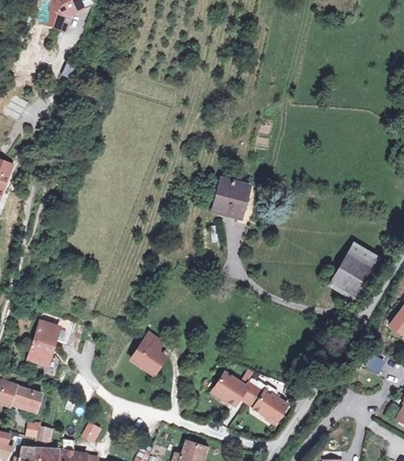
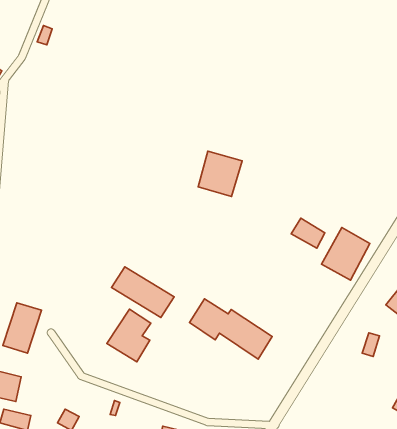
building: none -> [291,218,325,248]
building: none -> [112,267,174,317]
building: [210,369,288,426] -> [189,299,272,359]

